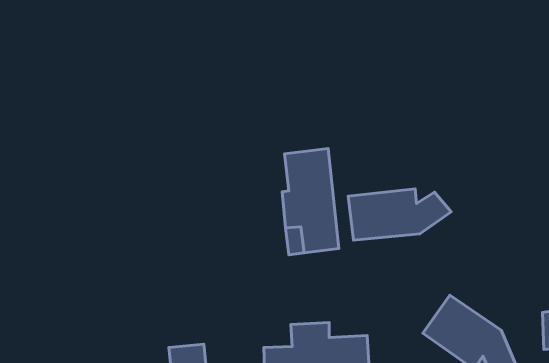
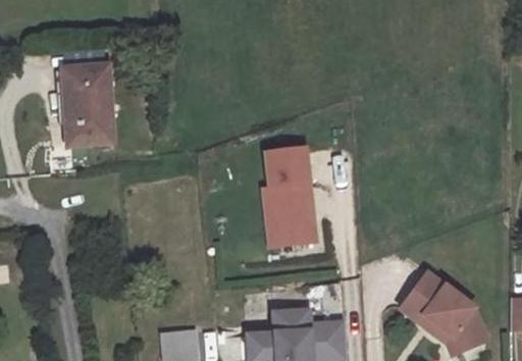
building: none -> [66,66,113,142]
building: [348,189,451,240] -> none

